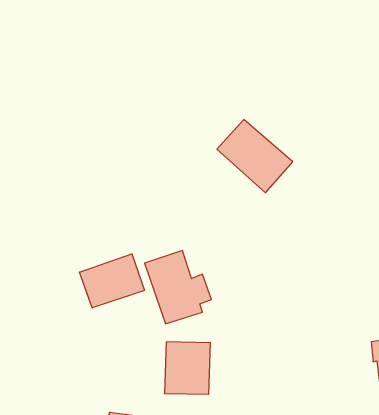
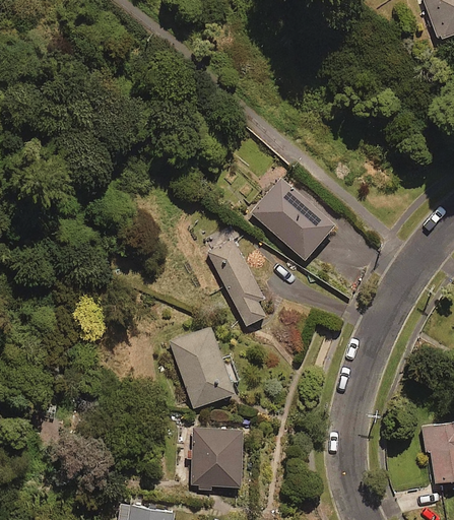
building: none -> [204,238,271,326]
building: [79,254,145,308] -> none

